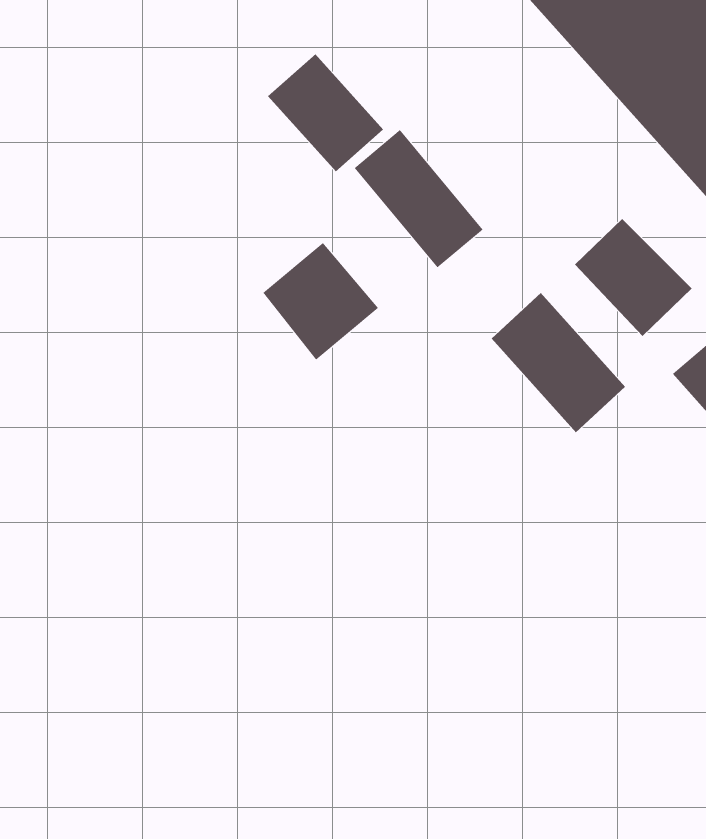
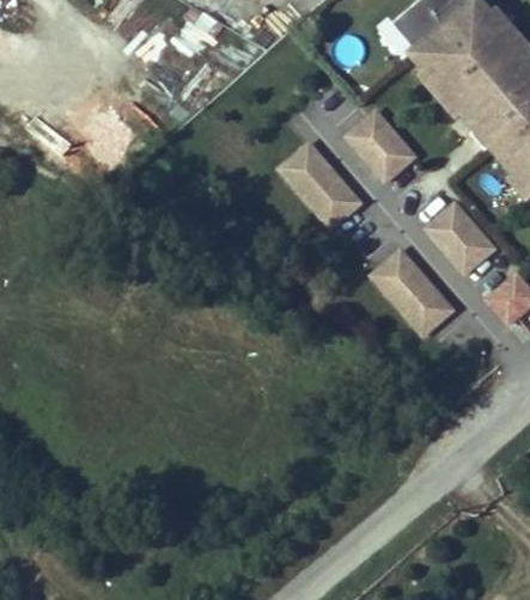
building: [267,53,384,172] -> [345,104,420,180]
building: [263,242,379,360] -> none

